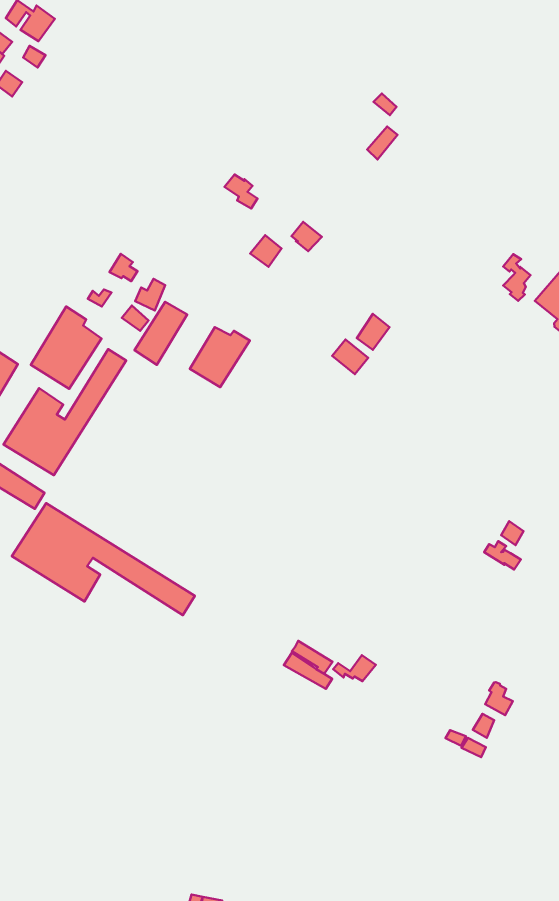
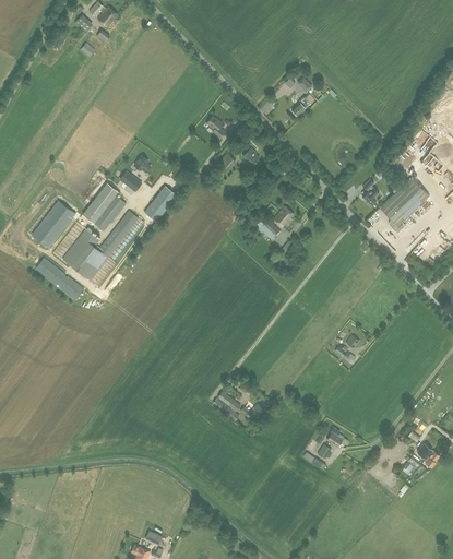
building: [190,327,250,387] -> none
building: [12,503,195,615] -> none

